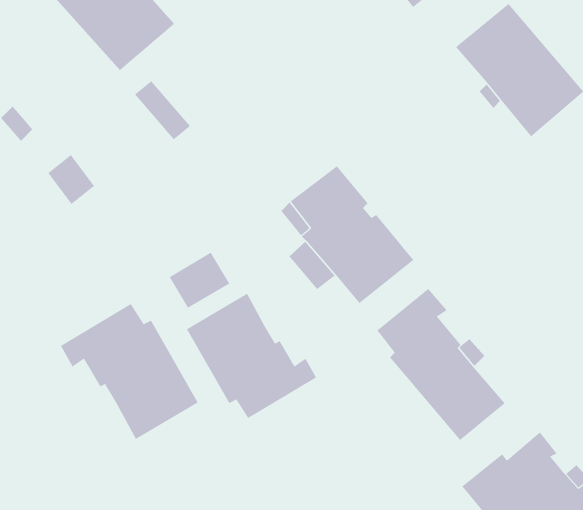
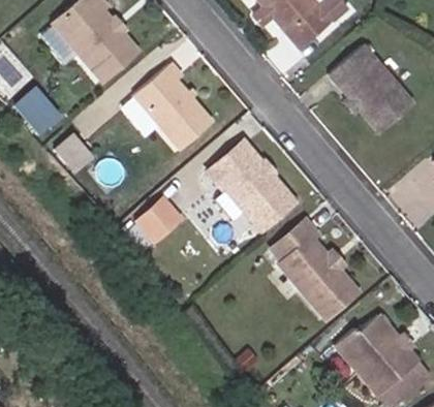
building: none -> [137,66,216,153]
building: [186,293,317,419] -> none
building: [60,303,198,440] -> none

